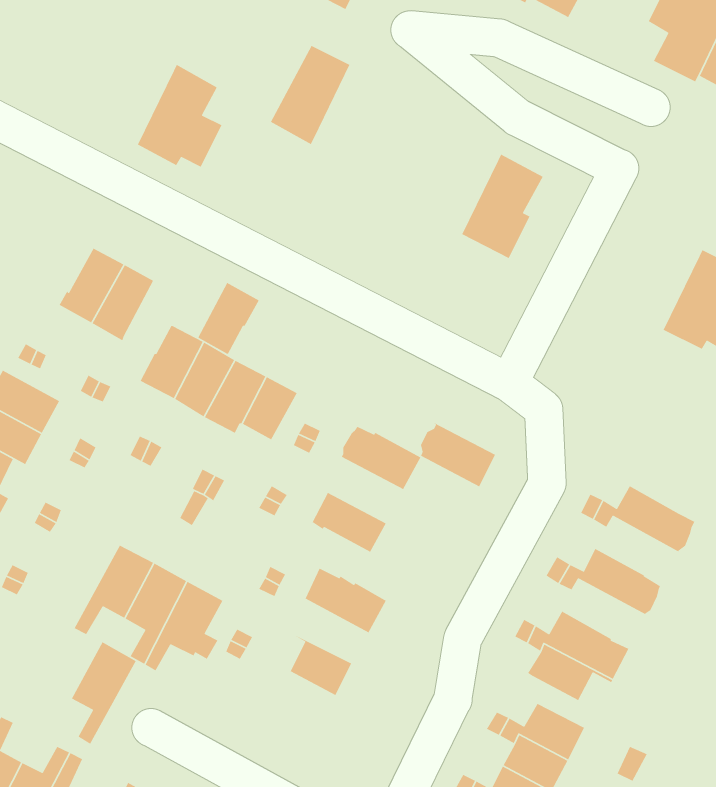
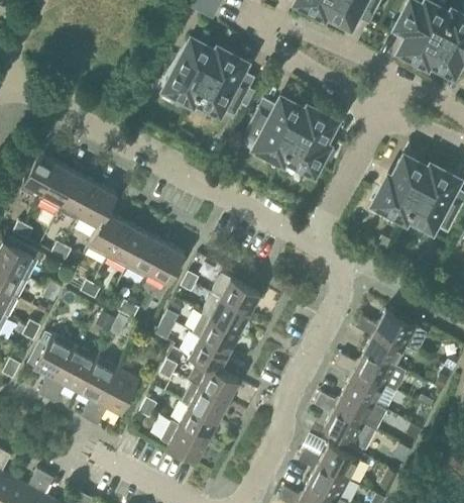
building: [137,64,223,168] -> [194,49,246,113]
building: none -> [246,99,306,162]
building: none -> [23,155,59,193]
building: none -> [374,158,429,219]
building: [197,282,260,354] -> [78,186,116,230]
building: [420,422,496,488] -> [202,294,248,334]
building: none -> [365,330,417,367]
building: none -> [183,334,228,372]
building: none -> [345,369,396,405]
building: none -> [181,381,227,420]
building: [71,641,137,745] -> [34,335,75,399]
building: none -> [161,421,207,460]

